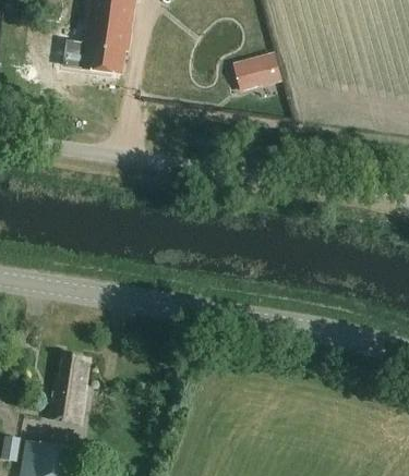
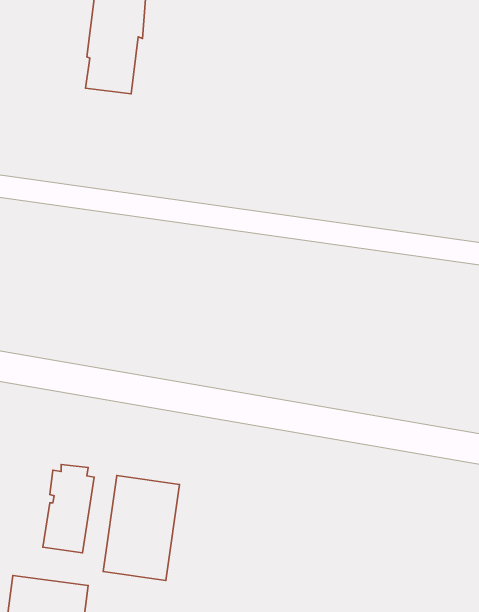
building: [244,54,275,89] -> none
building: none -> [103,475,179,581]

